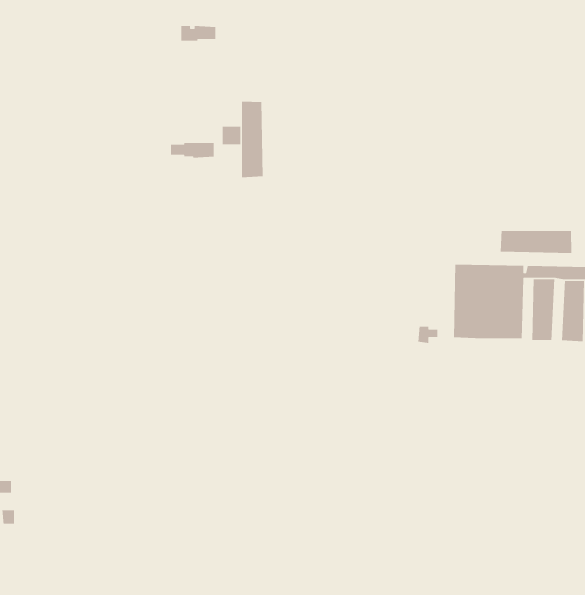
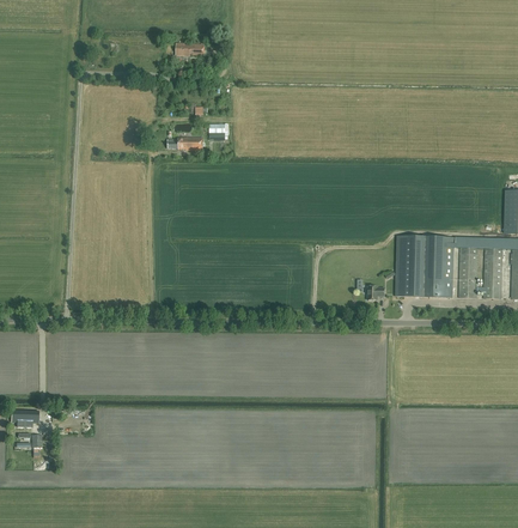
building: [241,101,264,178] -> none
building: [500,230,572,254] -> none

